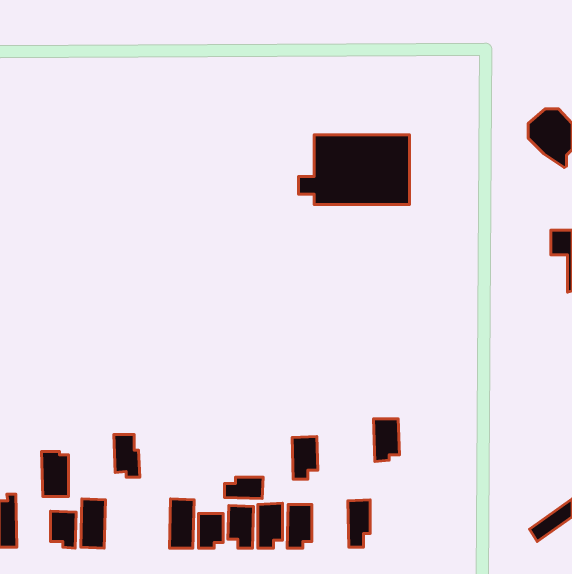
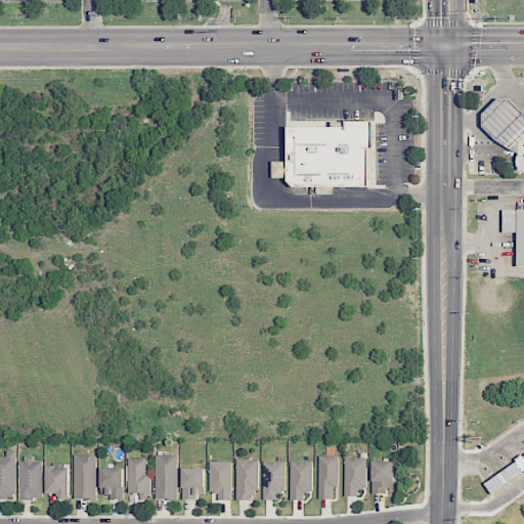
building: [374,419,399,461] -> [343,457,366,496]
building: [114,434,140,477] -> [127,458,150,497]
building: [292,436,318,479] -> [289,461,312,499]
building: [42,452,68,497] -> [18,457,43,498]
building: [224,477,263,498] -> none
building: none -> [370,461,394,493]
building: none -> [100,468,123,499]

